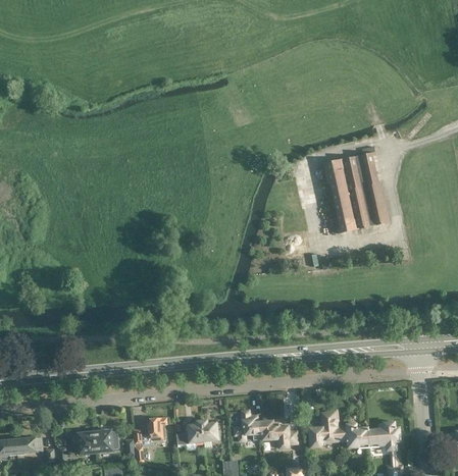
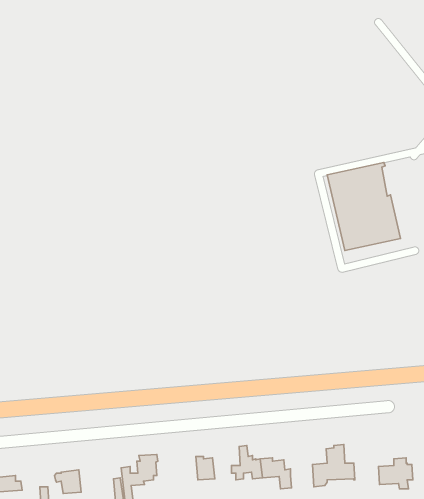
building: [177,420,205,444] -> none
building: [347,423,371,447] -> none
building: [96,430,118,453] -> none

